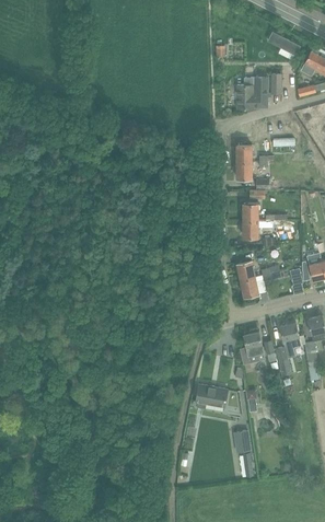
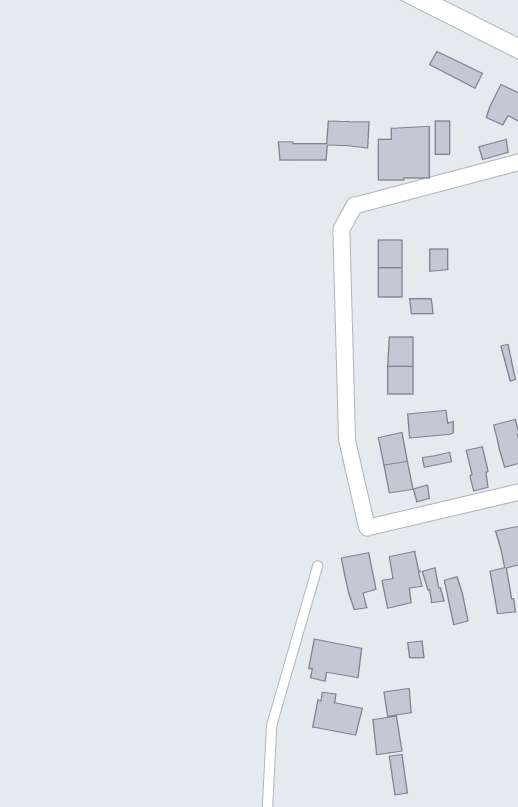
building: none -> [279,121,369,160]
building: [279,322,300,356] -> [341,553,376,609]
building: none -> [313,692,362,735]

